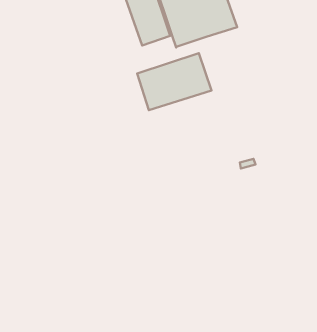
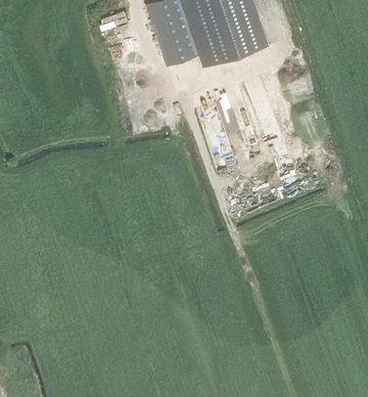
building: [137,53,211,110] -> none

